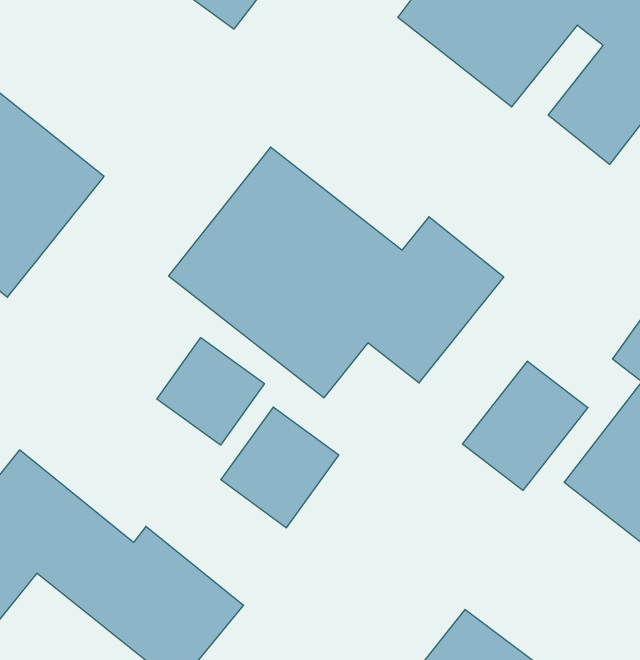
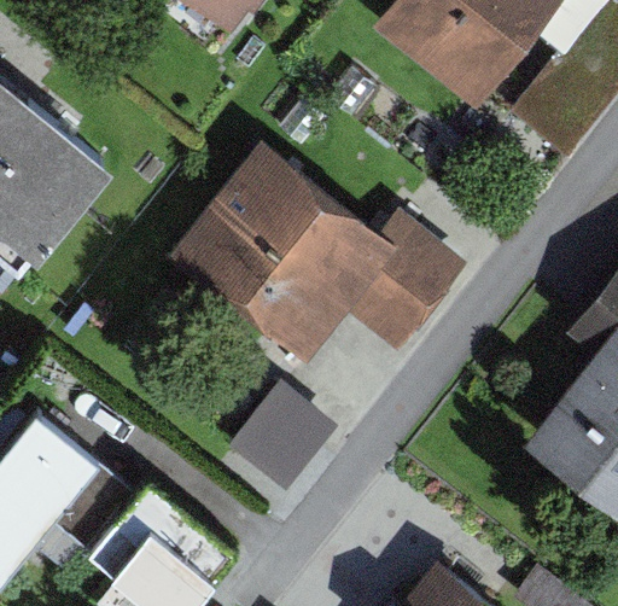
building: [157,338,264,445] -> none
building: [462,361,588,490] -> none

